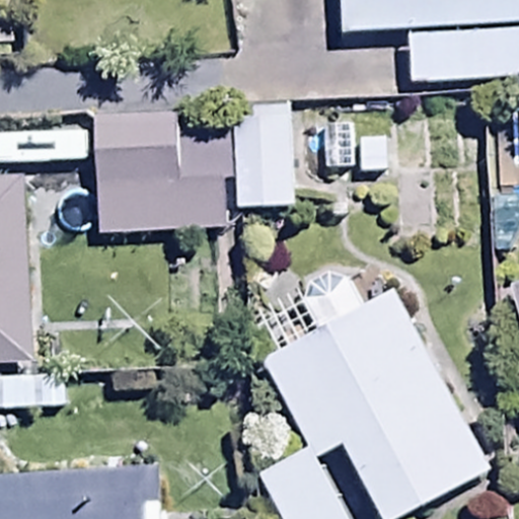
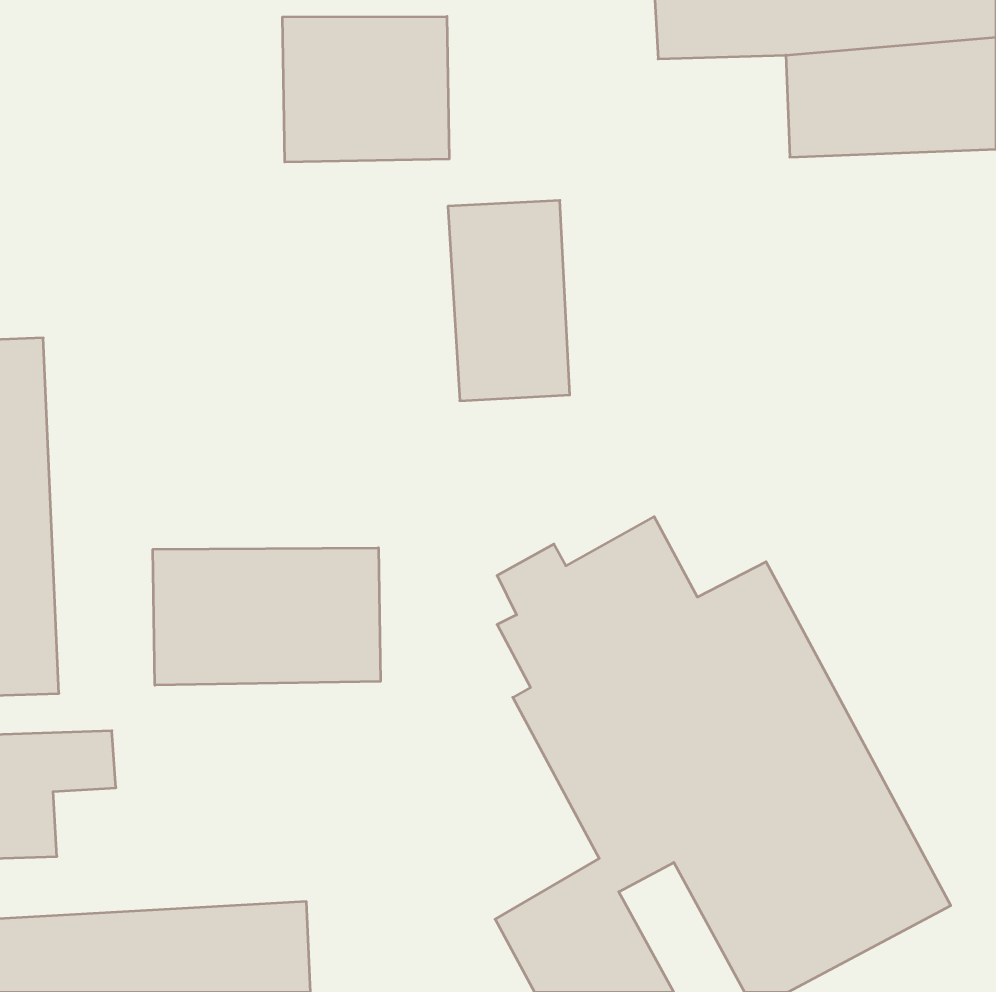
building: none -> [283,16,449,162]
building: [91,115,228,231] -> none
building: none -> [153,548,380,685]

